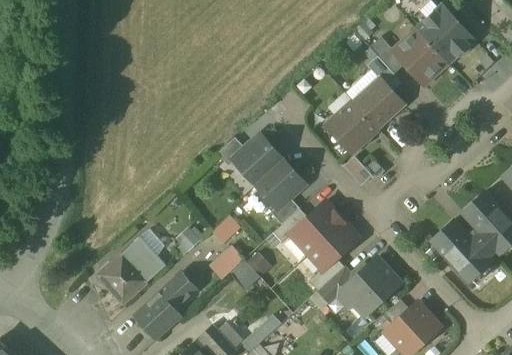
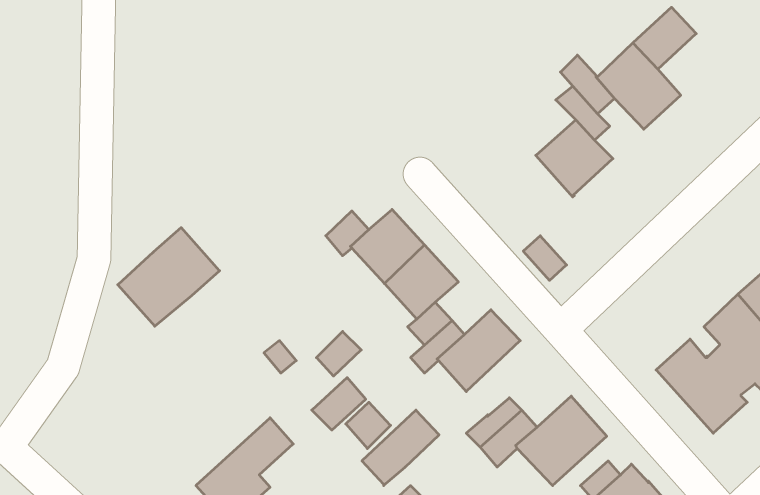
building: [433,23,474,63] -> none
building: [327,102,378,153] -> none
building: [309,222,359,271] -> [362,410,439,486]
building: [99,239,165,303] -> [118,228,220,326]

